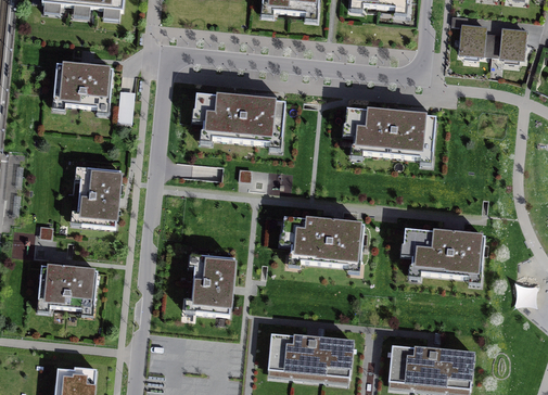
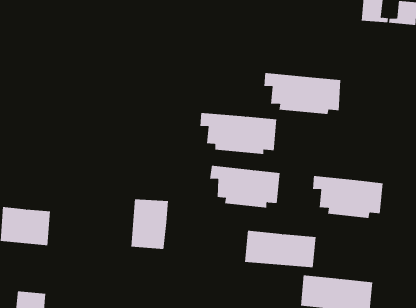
building: [53,65,114,110] -> none
building: [195,95,285,144] -> [199,112,277,155]
building: [78,168,122,228] -> none
building: [268,333,352,377] -> [244,230,316,268]

